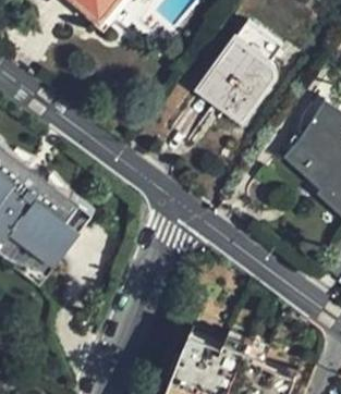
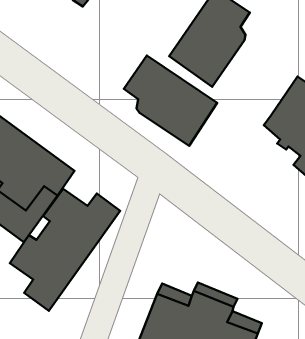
building: none -> [124,55,217,146]
building: none -> [10,189,120,311]

